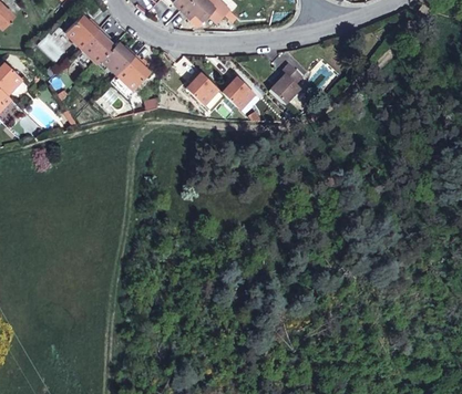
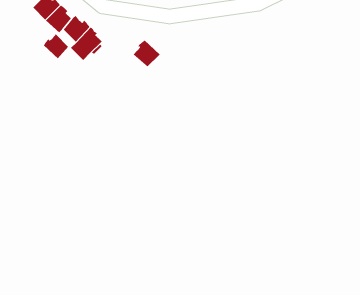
building: none -> [43,34,69,59]
building: [269,74,301,106] -> none
building: [223,75,255,108] -> none

